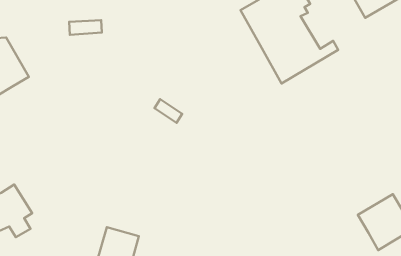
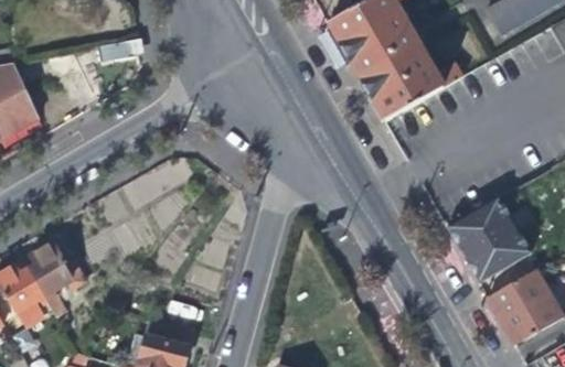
building: none -> [446,199,531,287]
building: none -> [24,235,87,299]

